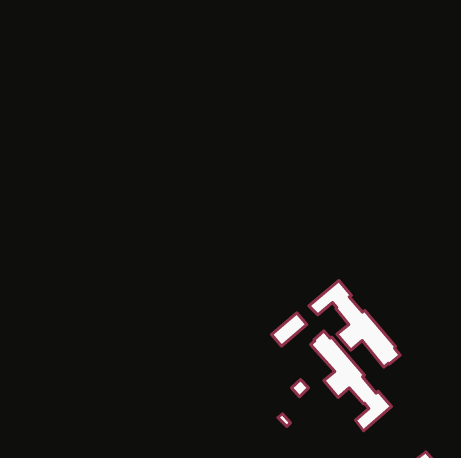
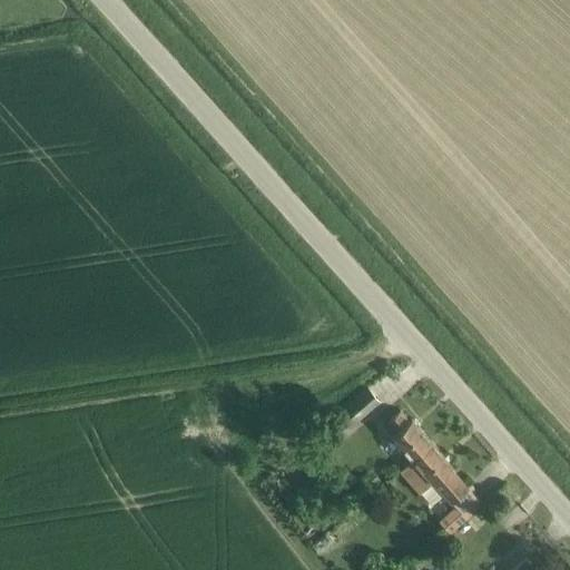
building: [309,280,400,367] -> none

